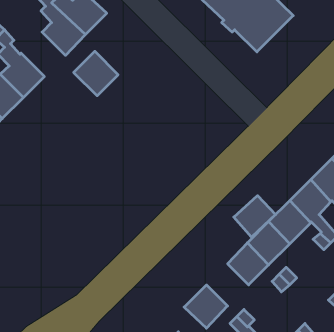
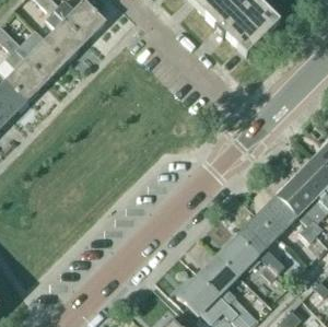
building: [74,51,118,96] -> [27,37,69,79]
building: [234,196,276,237] -> none
building: none -> [200,254,239,293]

